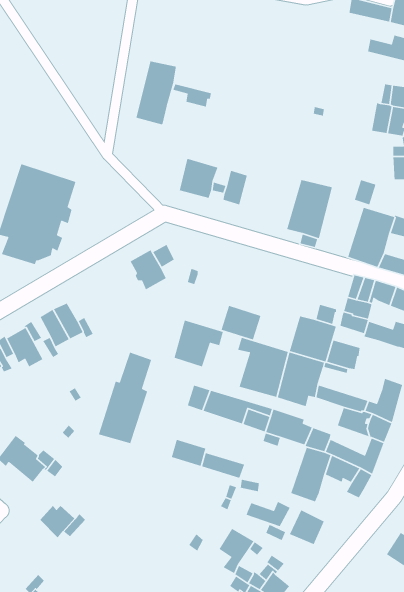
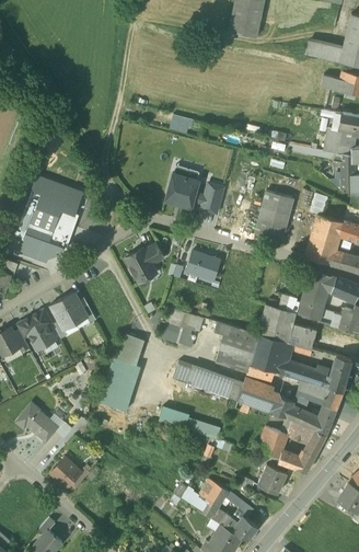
building: [135,60,177,125] -> none
building: [220,305,262,341] -> [186,250,220,279]
building: [246,501,291,527] -> [278,449,315,471]

